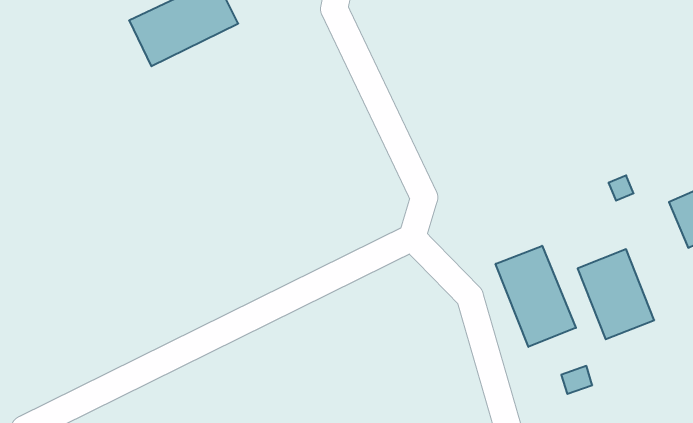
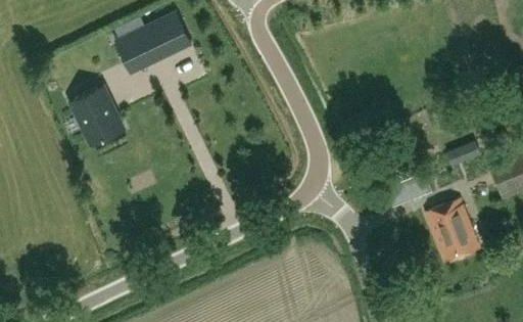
building: none -> [72,86,126,145]
building: [496,246,576,347] -> none

